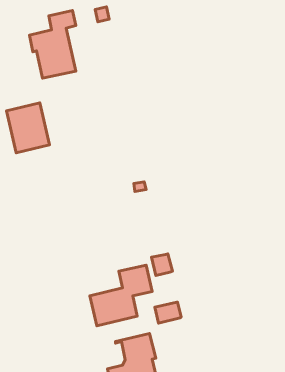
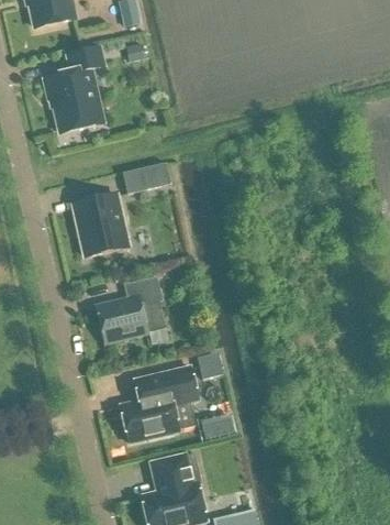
building: [6,103,49,153] -> [73,193,126,255]
building: none -> [121,163,160,193]
building: none -> [96,275,164,340]

